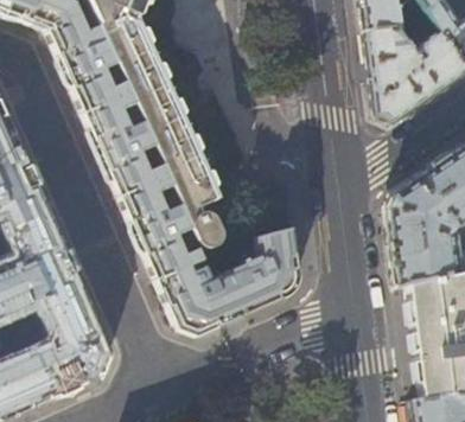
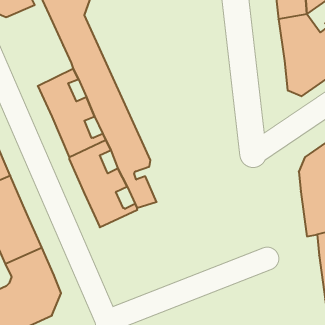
building: [49,12,127,107] -> none
building: [158,224,301,330] -> none

